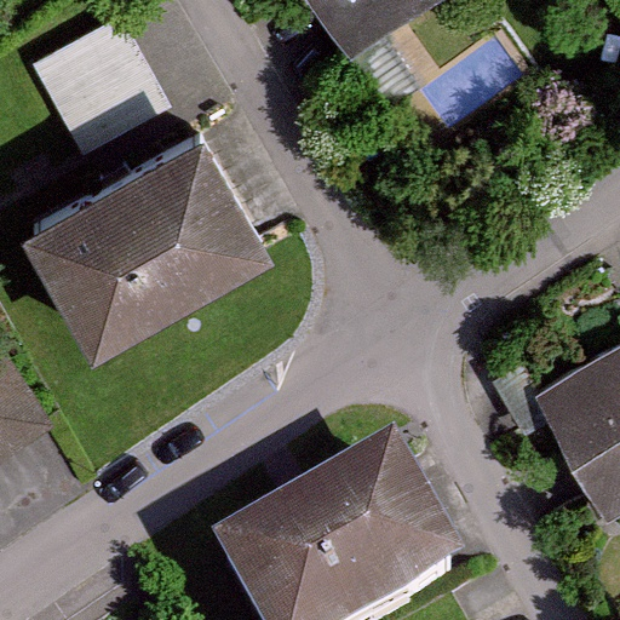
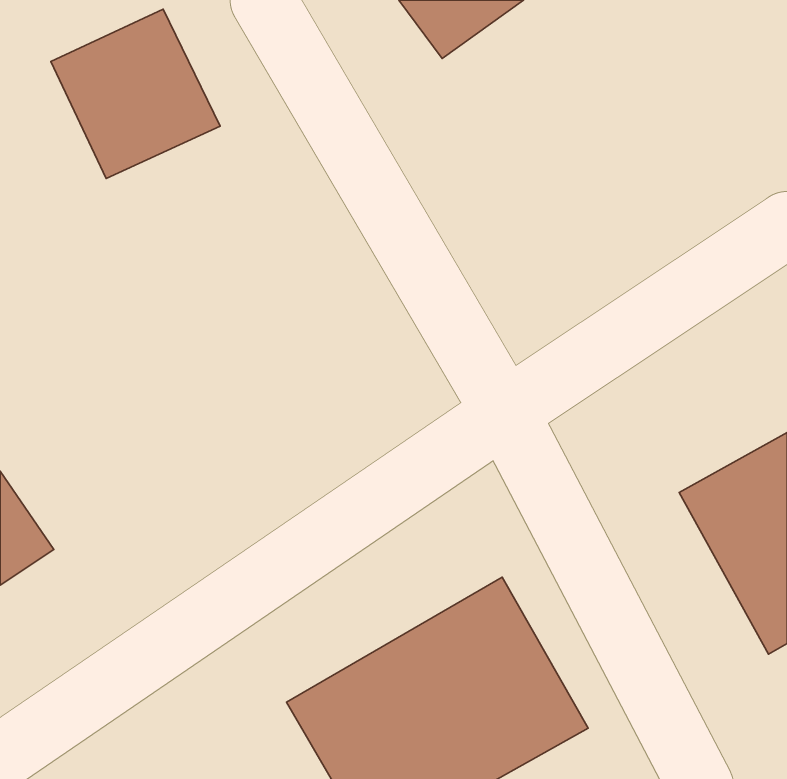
building: [24,142,254,350] -> none

